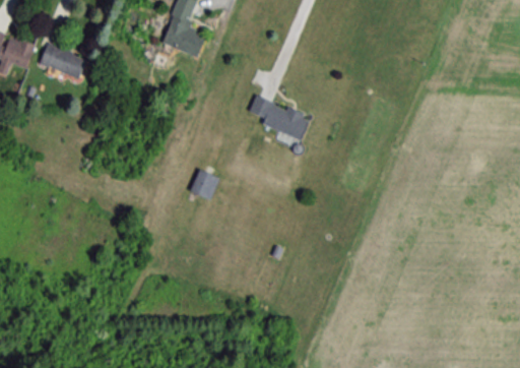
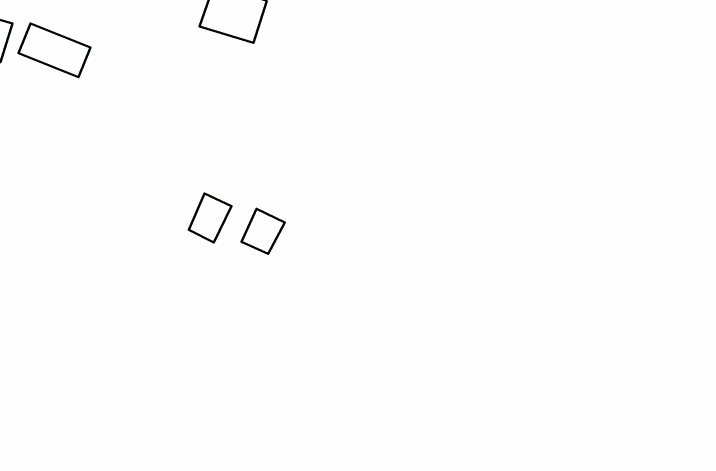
building: [247,96,310,139] -> none
building: none -> [189,193,232,243]

